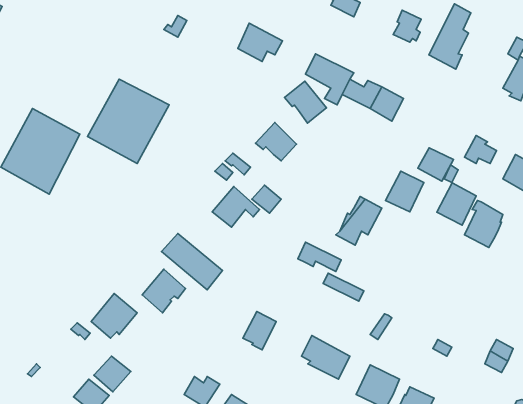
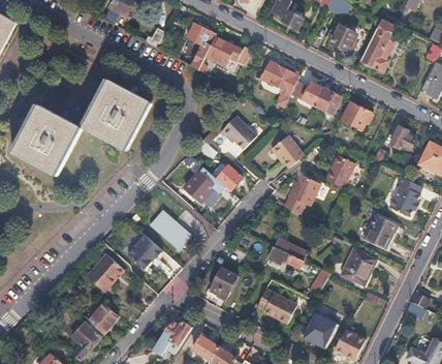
building: none -> [186,21,216,69]
building: [284,81,327,123] -> [269,133,303,168]
building: [418,148,453,181] -> [341,102,370,129]
building: [437,183,476,225] -> [365,215,397,249]
building: [298,242,341,271] -> [269,246,304,270]
building: none -> [341,246,377,283]

